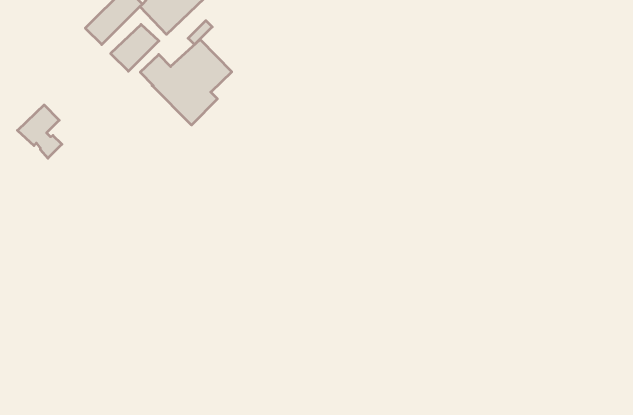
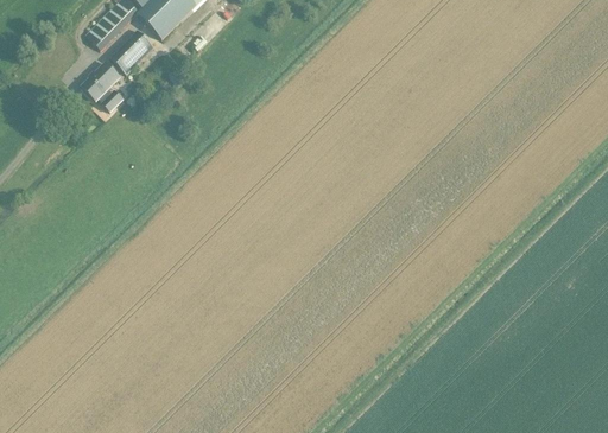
building: [140,39,232,125] -> none
building: [17,105,62,158] -> [80,62,121,112]

